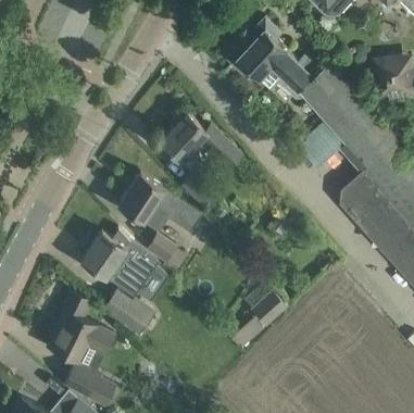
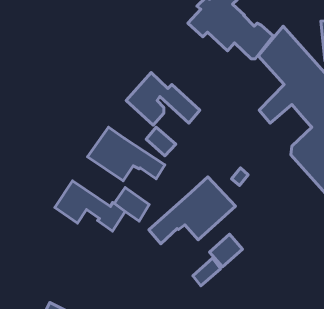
building: none -> [149,177,236,244]
building: [101,291,153,337] -> none
building: [47,293,114,365] -> none

